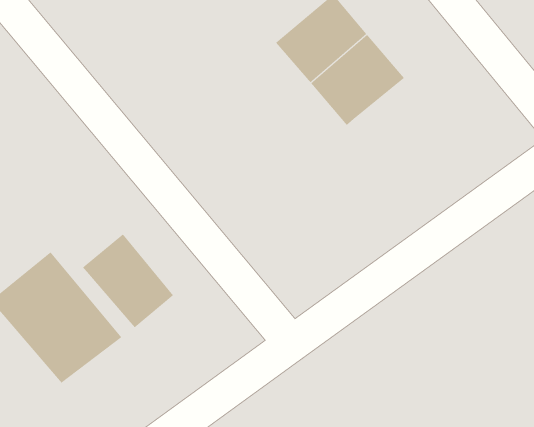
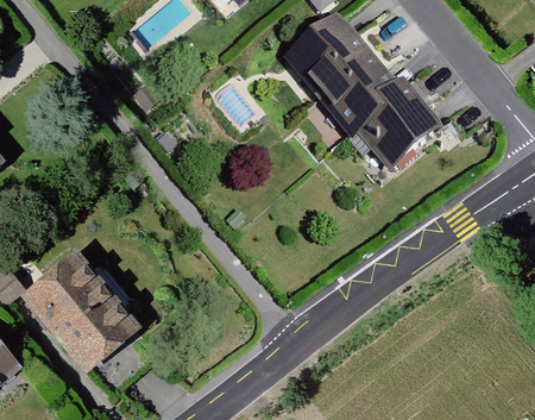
building: none -> [353,87,436,167]
building: [82,234,174,328] -> none

